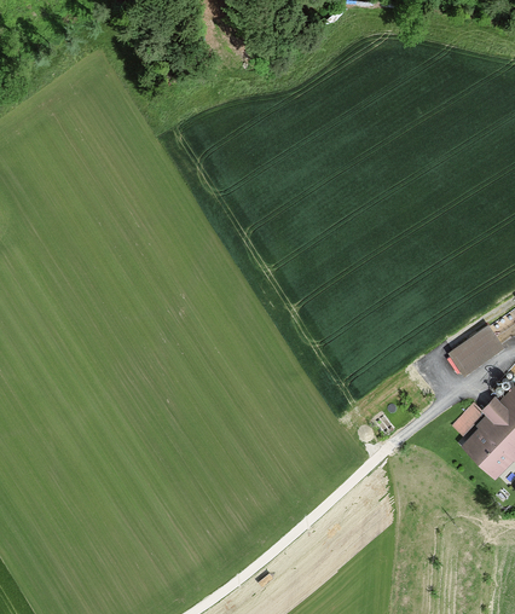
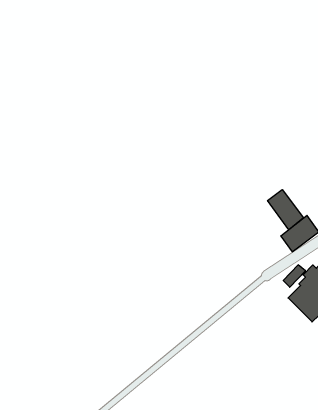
building: none -> [268,190,303,230]

